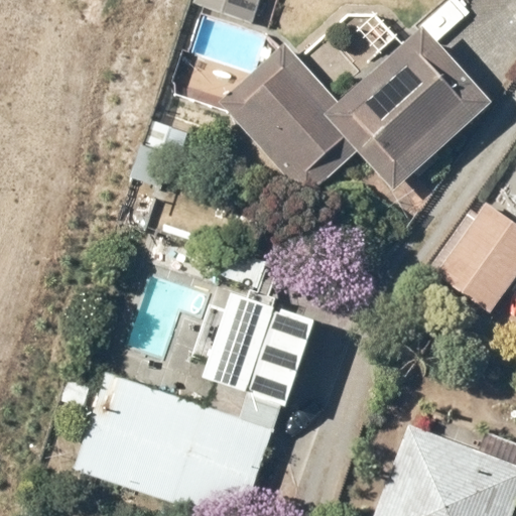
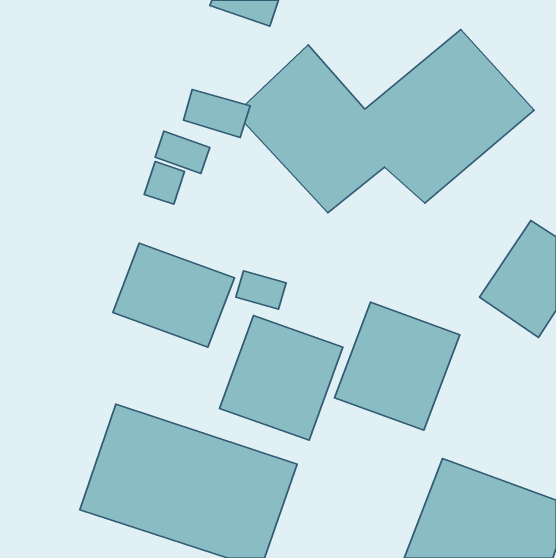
building: none -> [113,243,234,347]
building: none -> [335,302,460,430]

